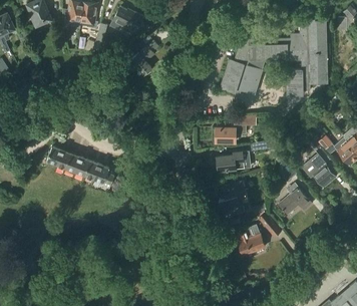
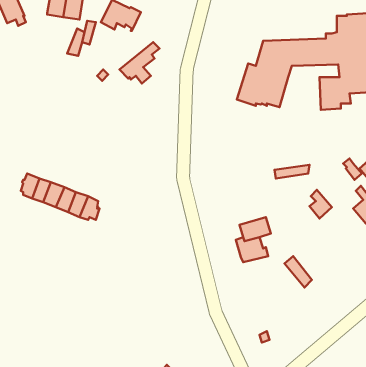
building: [217,117,256,141] -> none
building: [217,151,251,176] -> none
building: [279,184,312,215] -> none
building: [239,226,266,256] -> none

